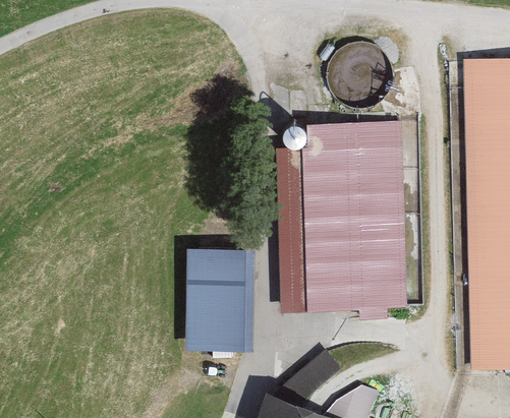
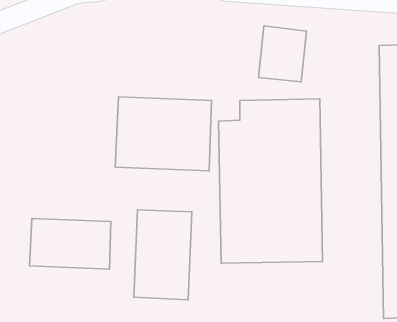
building: none -> [115,97,212,171]
building: none -> [30,218,111,269]

